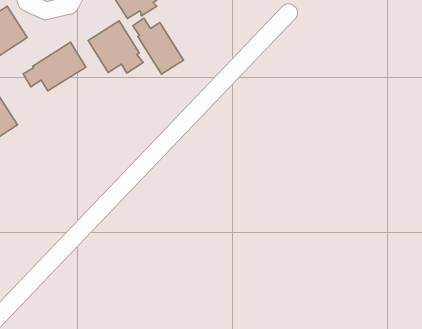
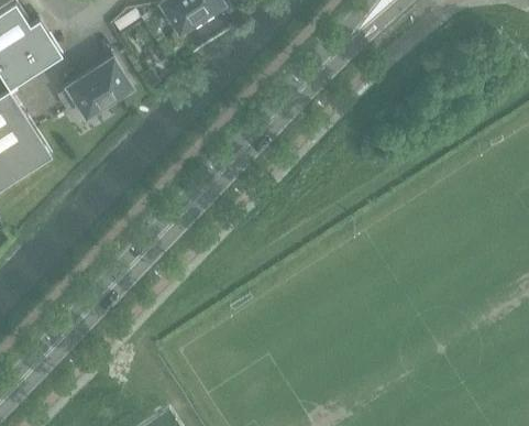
building: [133,18,183,74] -> none
building: [88,21,143,73] -> none

